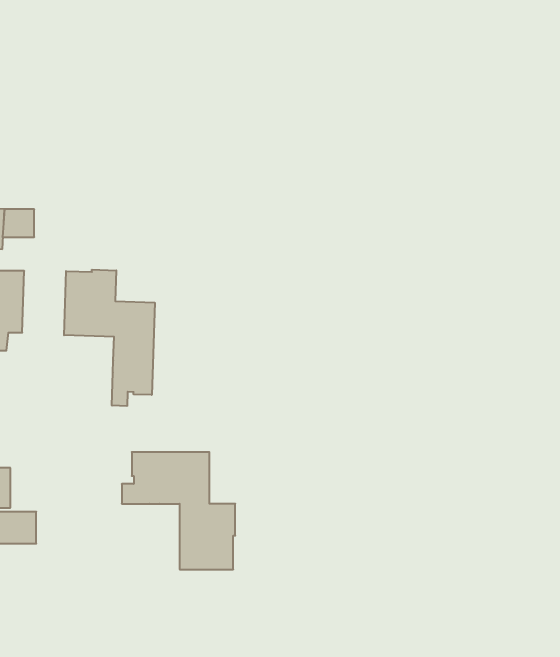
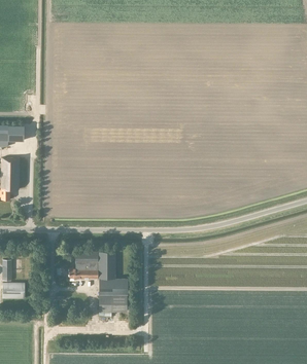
building: [64,270,155,406] -> none

